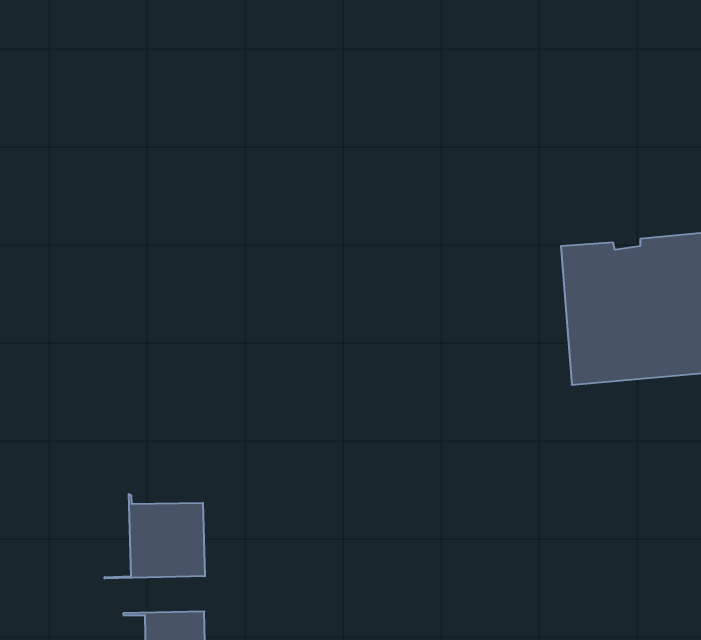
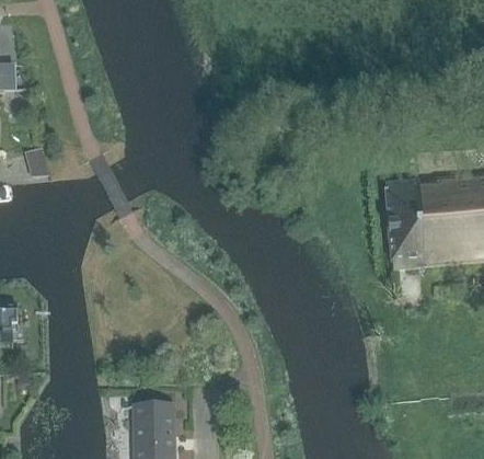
building: [105,494,205,579] -> none

